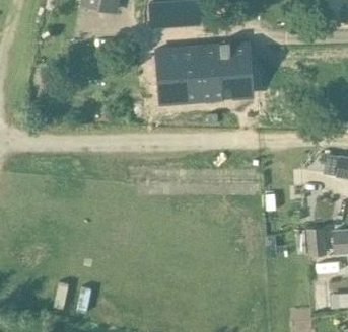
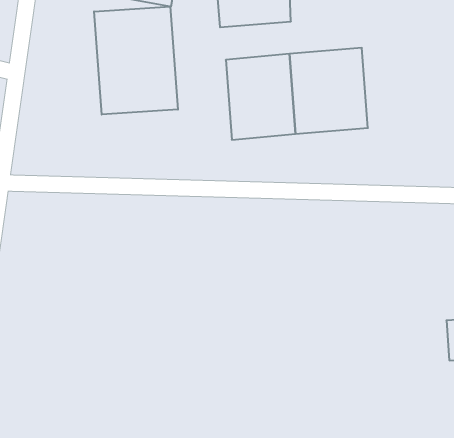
building: none -> [94,6,178,115]

